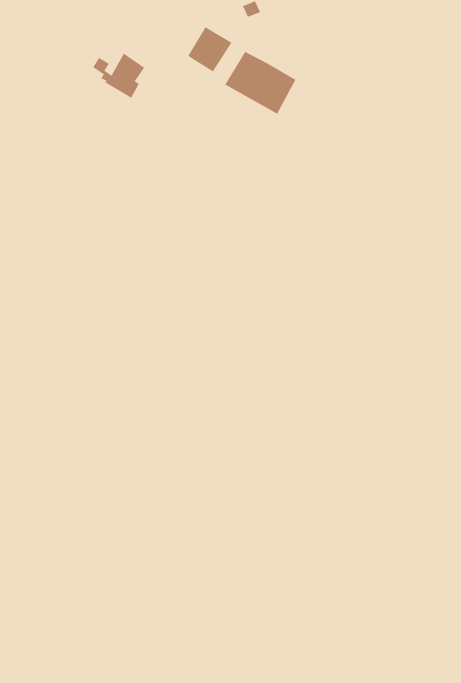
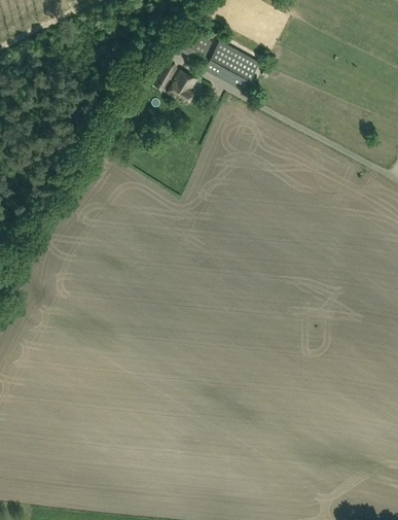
building: [92,53,145,99] -> [157,68,197,103]

